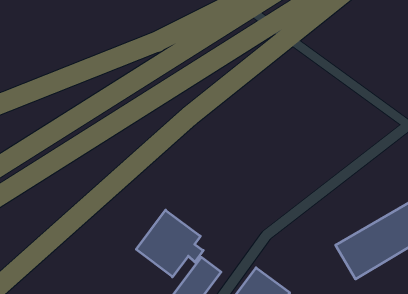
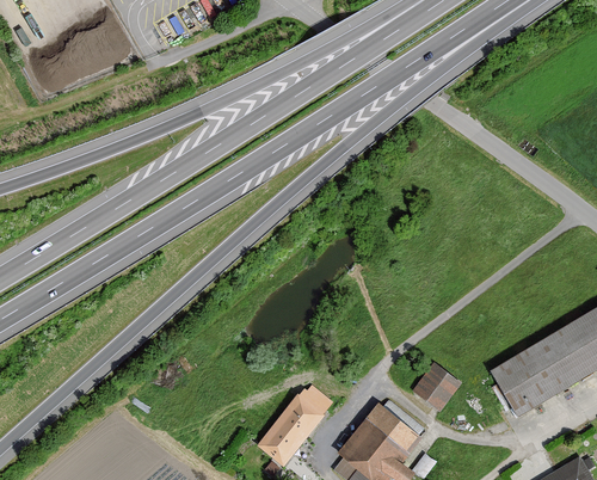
building: [136,210,203,277] -> none
building: none -> [412,363,457,411]

